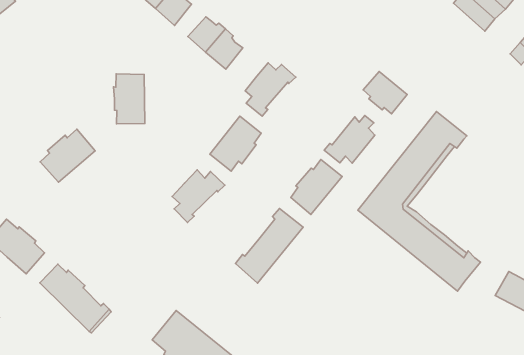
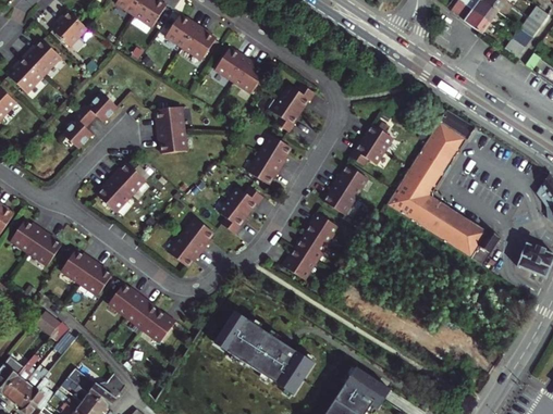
building: none -> [63,91,120,148]
building: [363,72,407,114] -> none
building: none -> [169,217,214,266]

